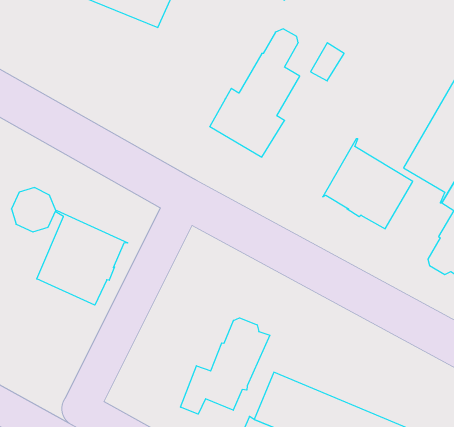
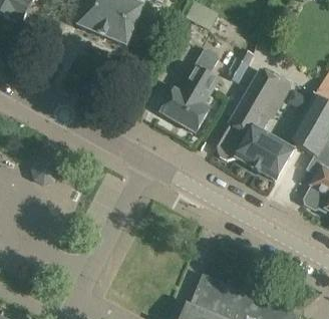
building: none -> [216,66,288,160]
building: [37,211,128,305] -> none
building: [181,318,270,414] -> none

